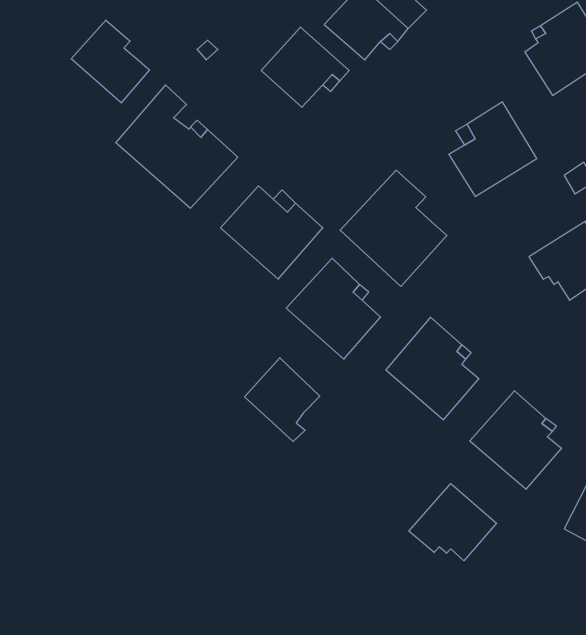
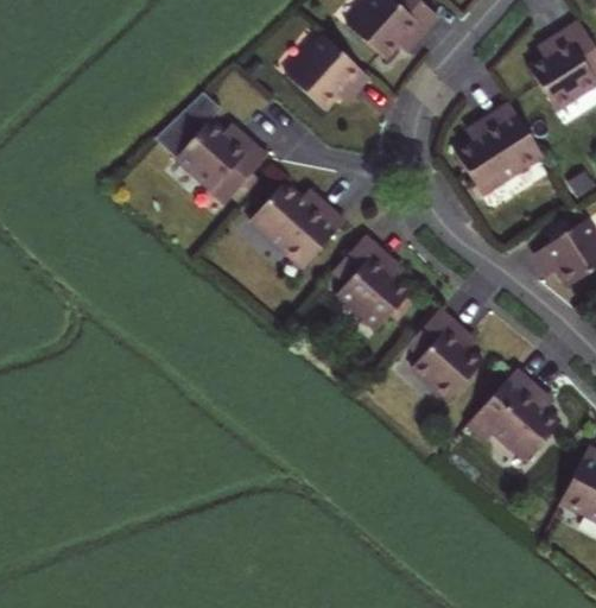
building: [71,20,150,103] -> none
building: [340,170,447,286] -> none
building: [245,358,320,441] -> none
building: [409,484,496,561] -> none

